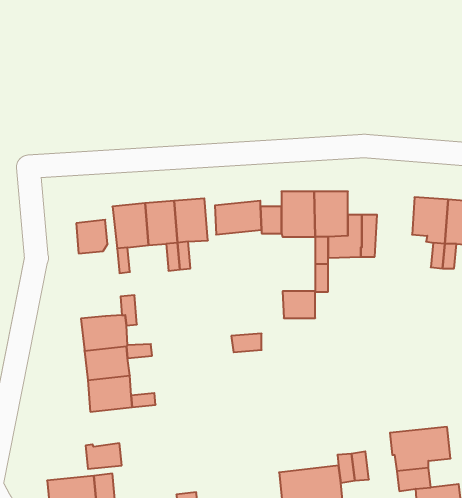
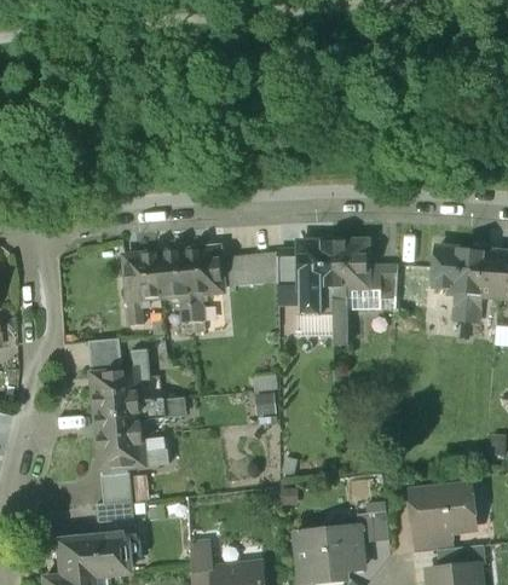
building: [76,220,108,253] -> [88,337,121,372]
building: [283,291,315,318] -> [300,288,334,315]
building: none -> [100,474,131,505]

